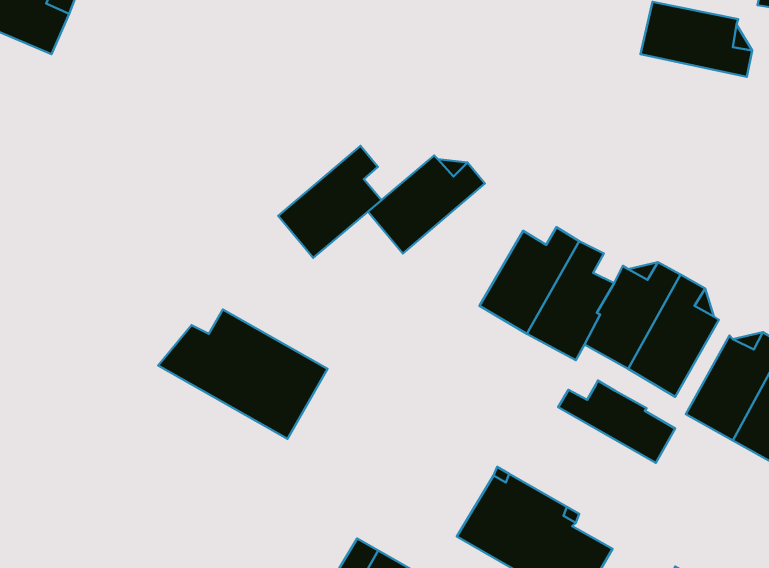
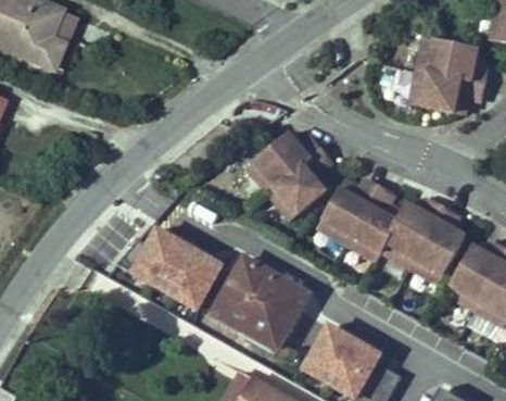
building: none -> [410,68,483,113]
building: [278,146,381,258] -> [269,149,333,218]
building: none -> [214,256,307,347]
building: [558,380,675,463] -> none

